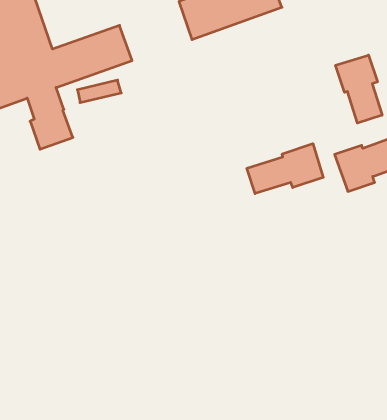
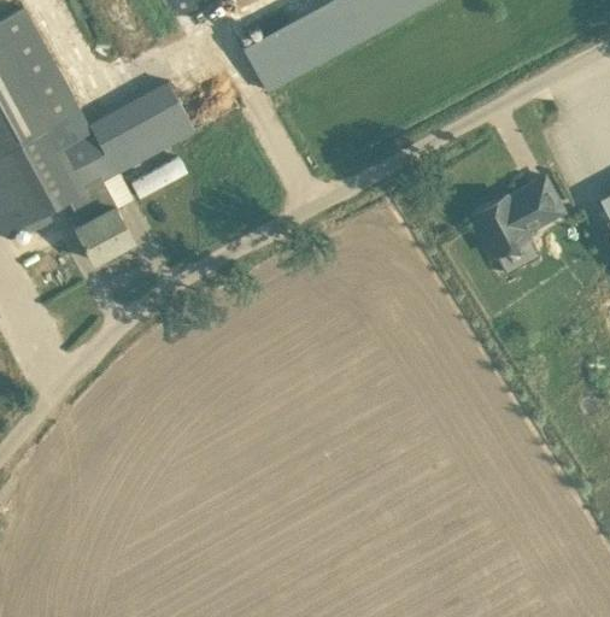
building: [336,55,382,123] -> none
building: [247,144,323,194] -> none

